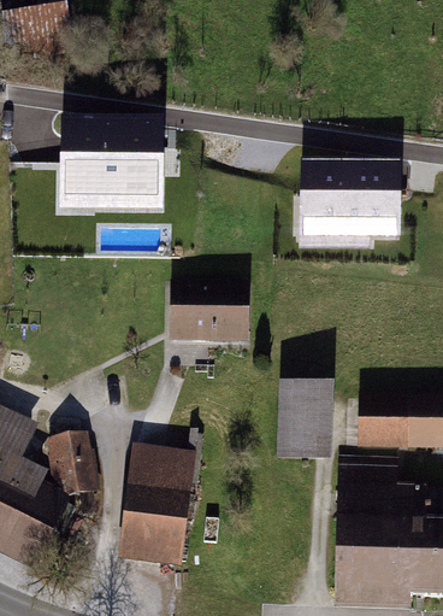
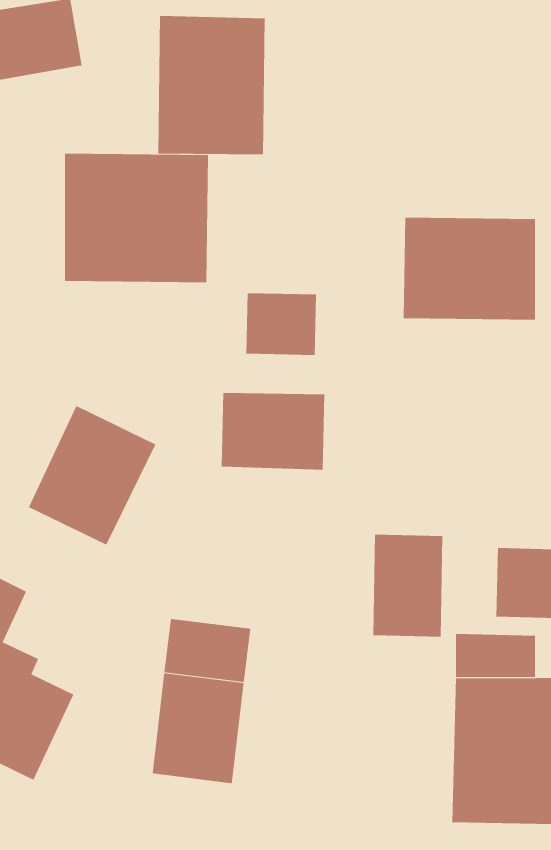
building: none -> [158,15,265,155]
building: none -> [246,292,317,356]
building: none -> [28,405,156,545]
building: [51,434,96,494] -> none

